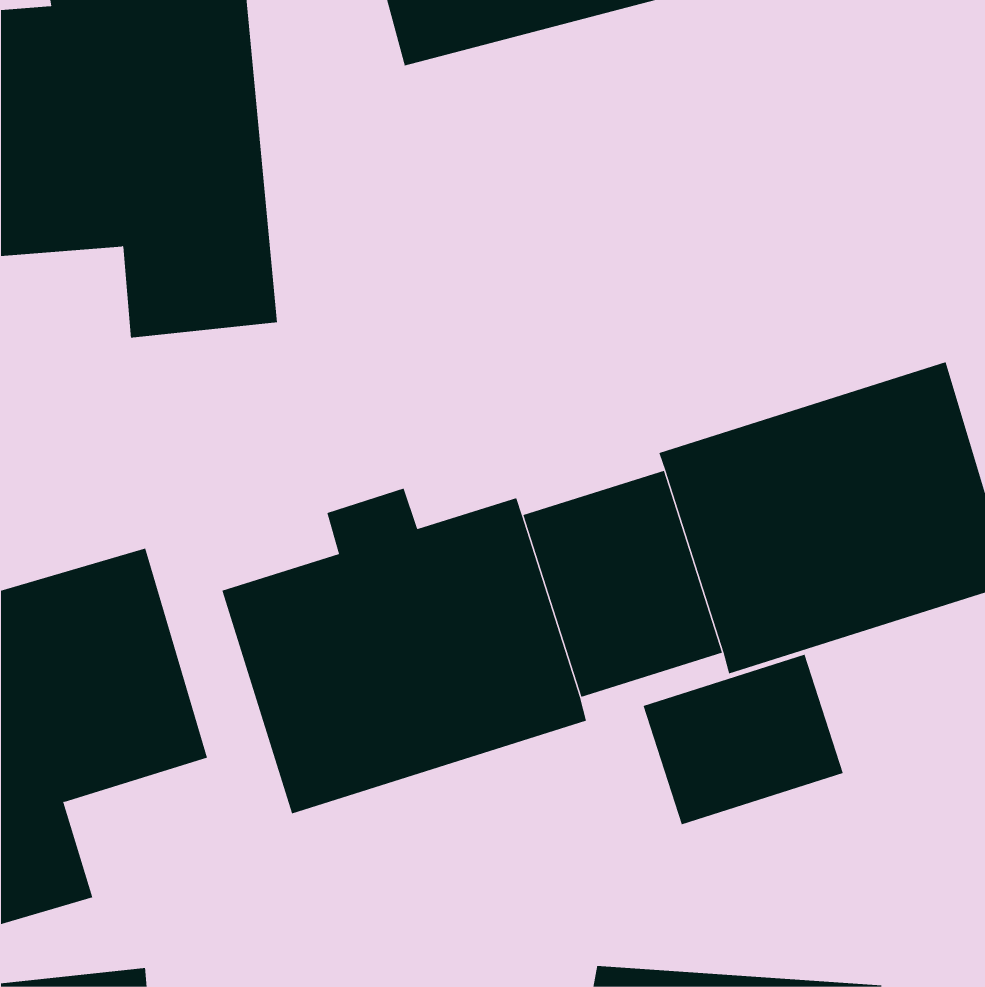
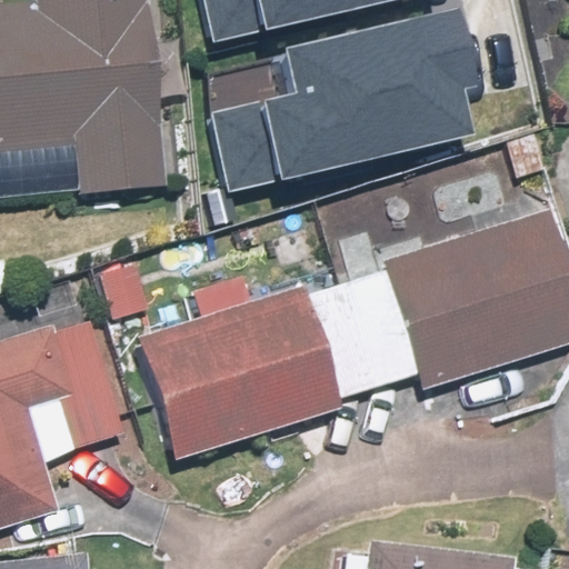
building: none -> [222,29,473,191]
building: [643,654,844,825] -> none

